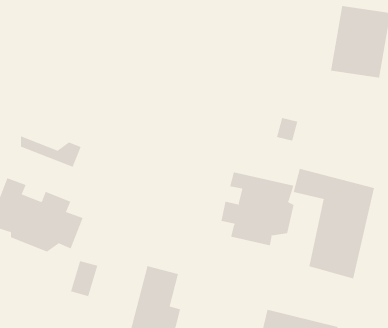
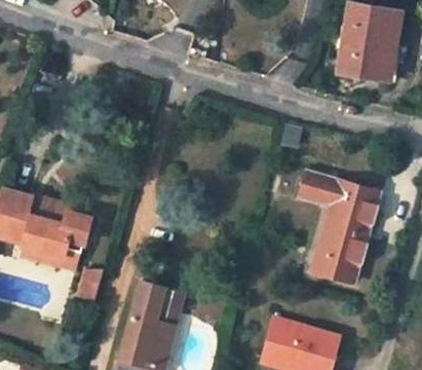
building: [20,136,81,168] -> [16,244,77,275]
building: [221,172,294,246] -> none

